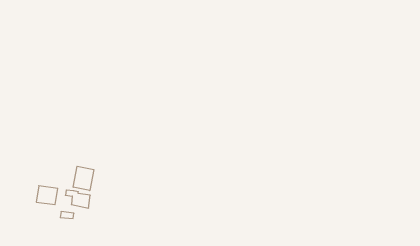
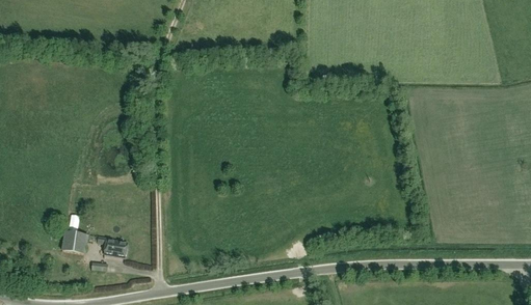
building: [73,166,94,191] -> none

